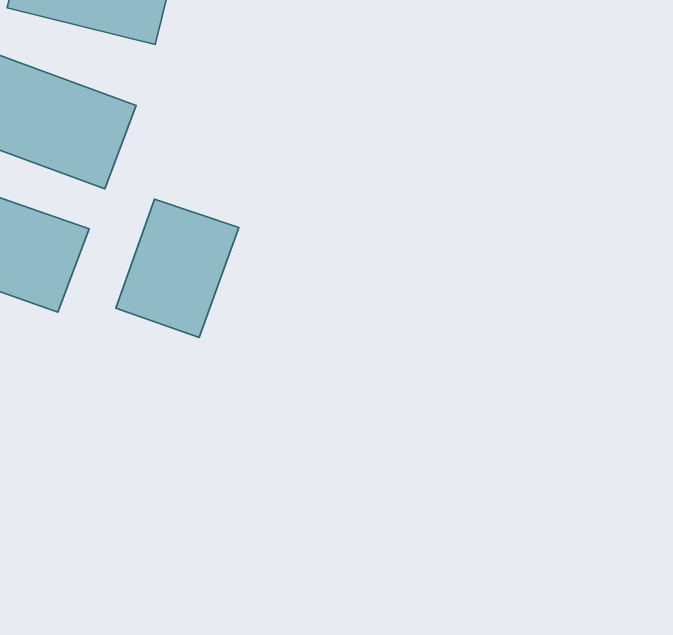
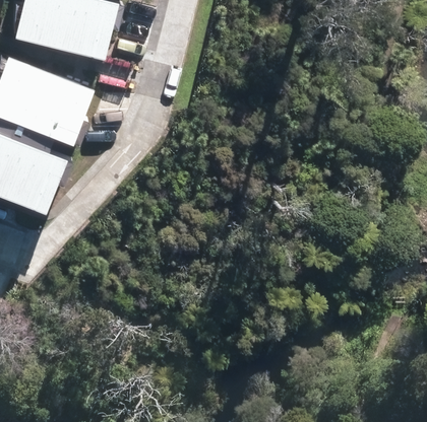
building: [116,199,239,338] -> none

